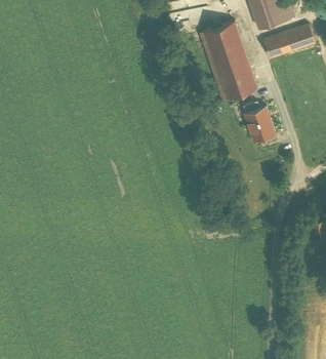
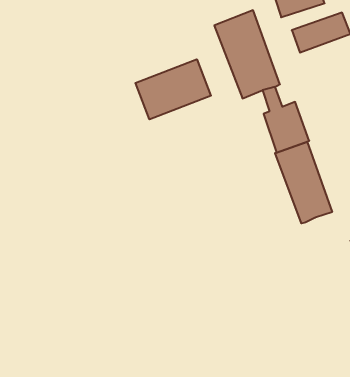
building: none -> [135,59,211,119]
building: none -> [275,142,332,223]

